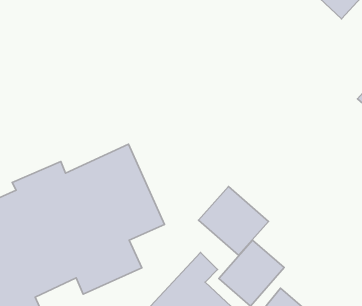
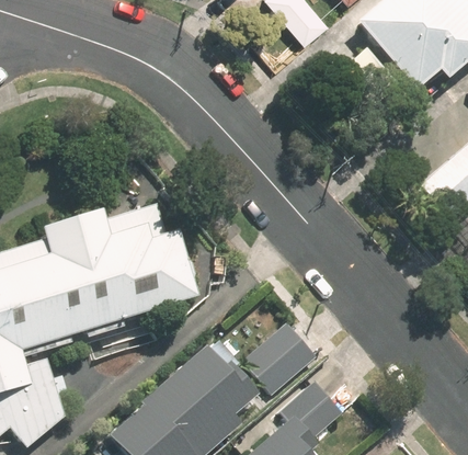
building: [199,186,268,255] -> none

